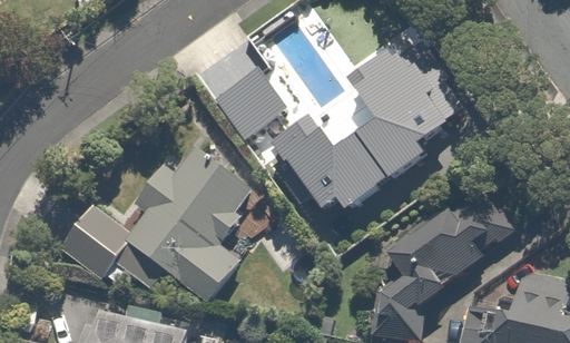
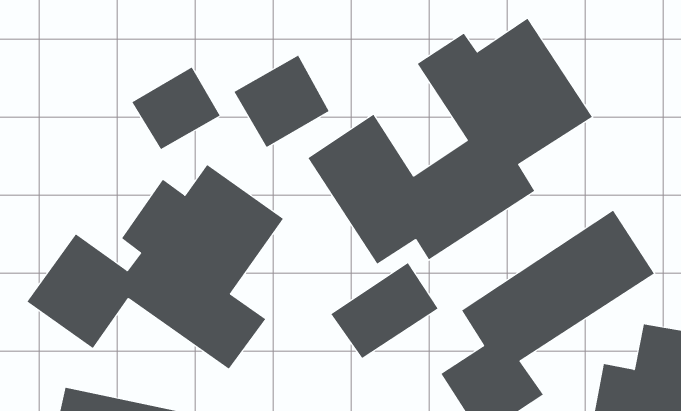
building: none -> [132,66,220,150]
building: none -> [330,262,439,359]

